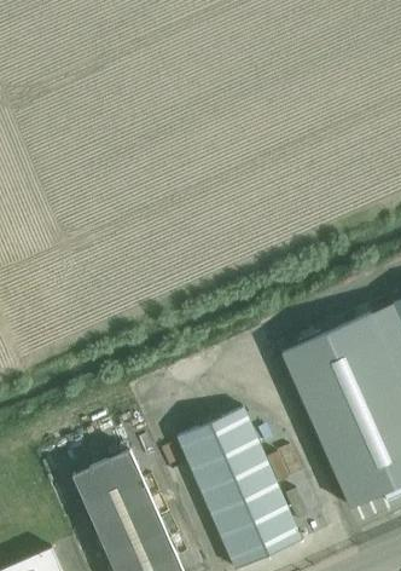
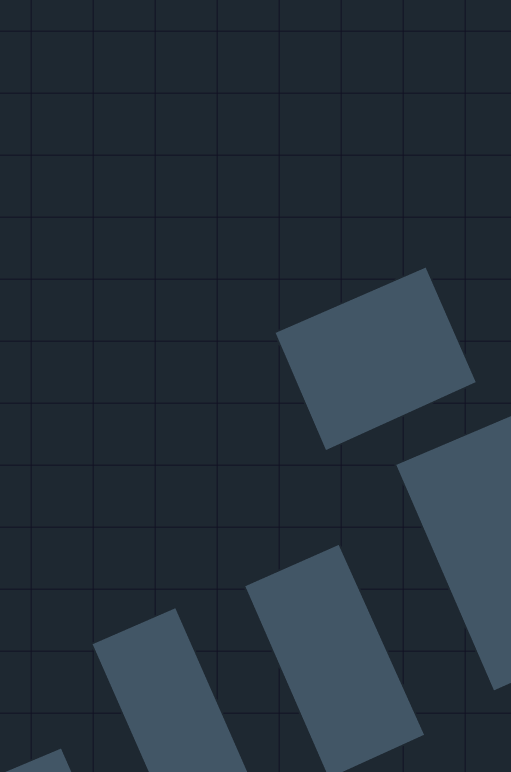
building: none -> [274,267,477,451]

